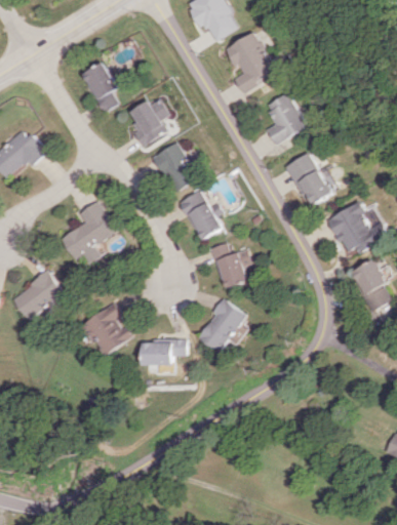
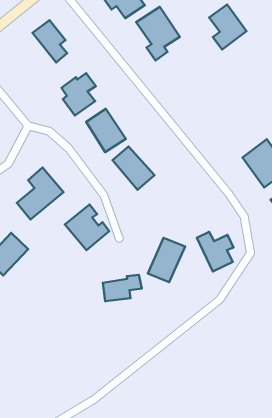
building: [78,62,115,112] -> [33,20,67,63]
building: [264,92,305,144] -> [209,4,246,49]
building: [284,152,331,206] -> none
building: [210,242,251,288] -> [197,232,234,271]
building: [85,302,135,355] -> [65,204,109,250]

